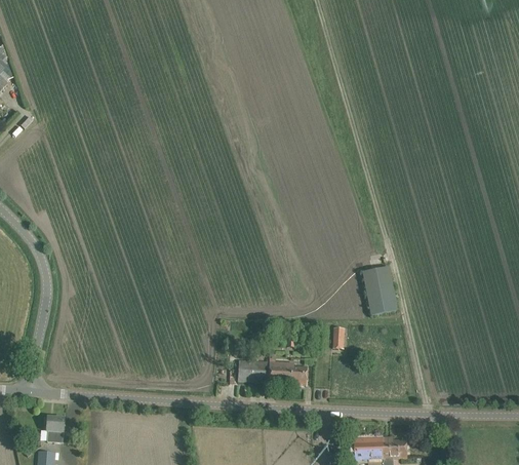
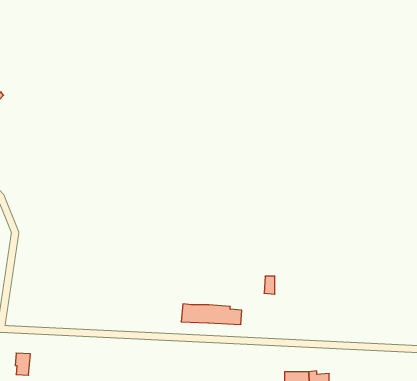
building: [363,265,399,314] -> none

